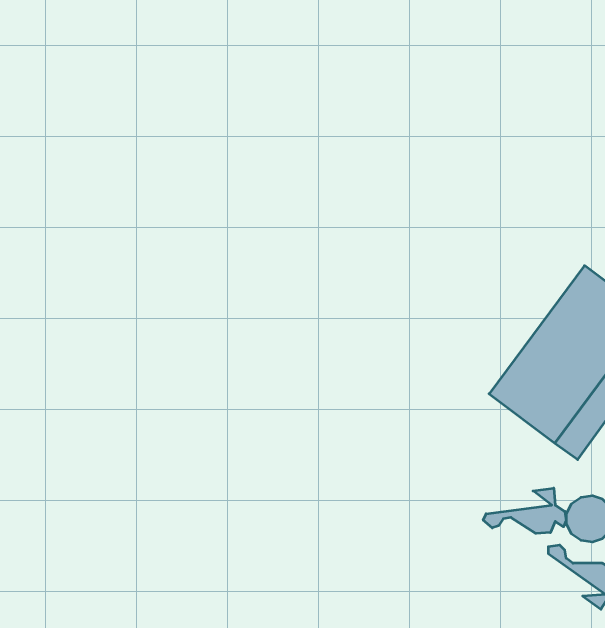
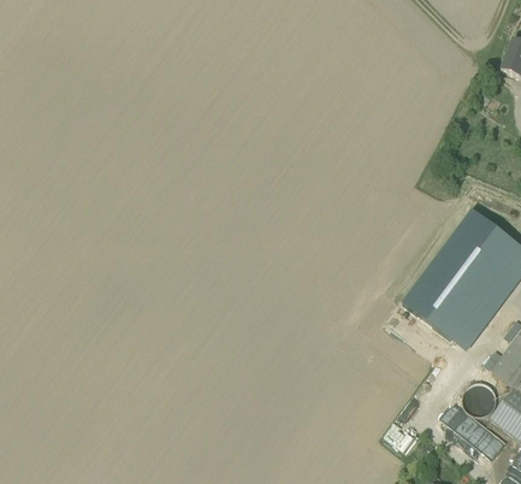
building: [483,488,566,533] -> none

